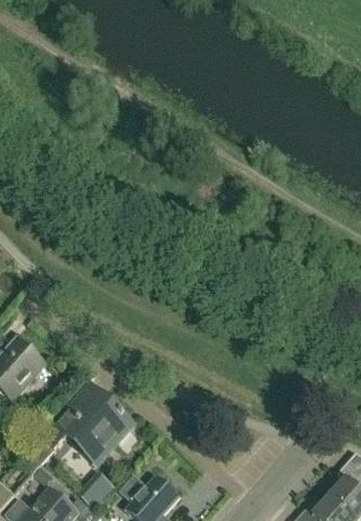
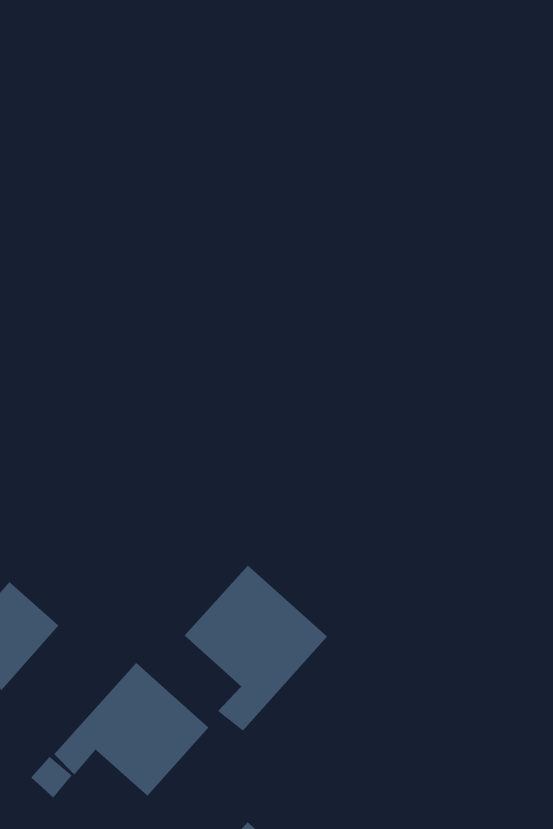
building: none -> [184,565,328,732]

